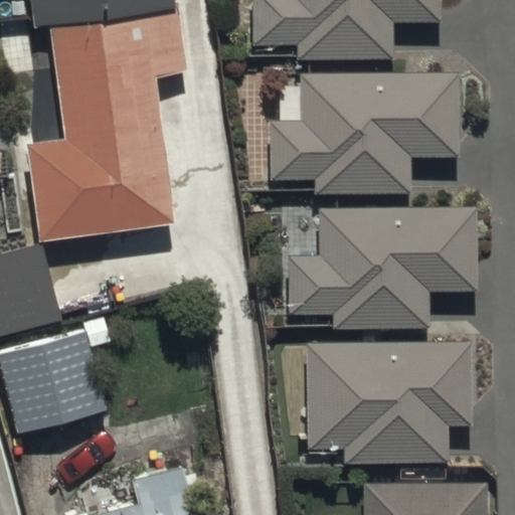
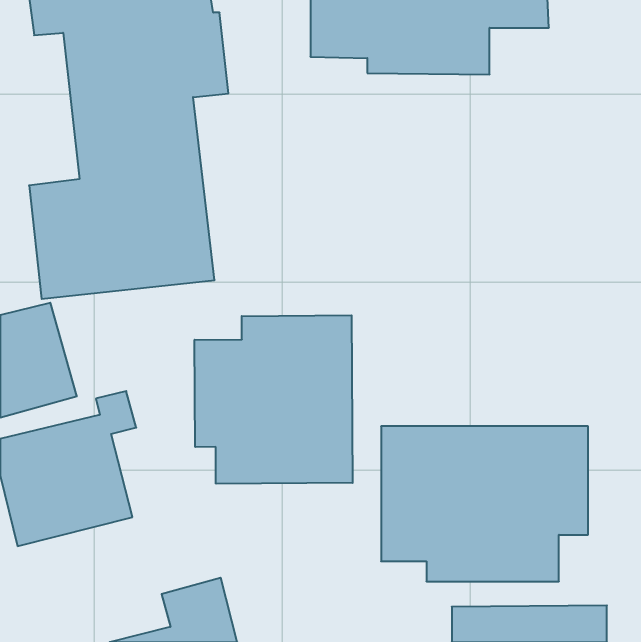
building: [272,73,460,196] -> none
building: [290,206,476,331] -> none
building: none -> [195,315,353,484]

